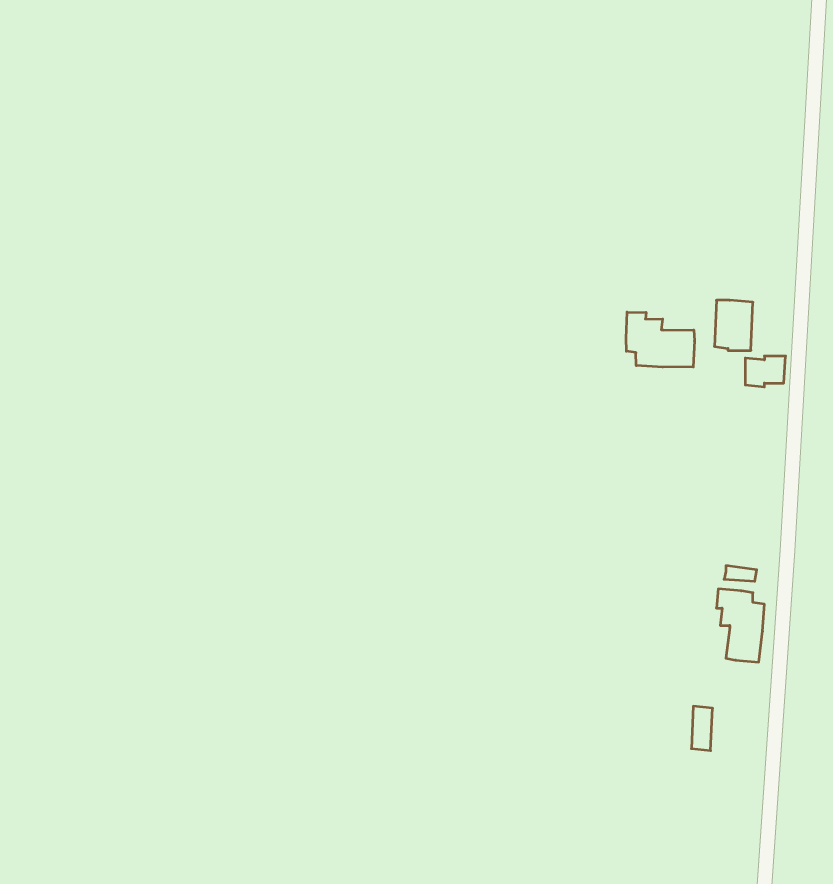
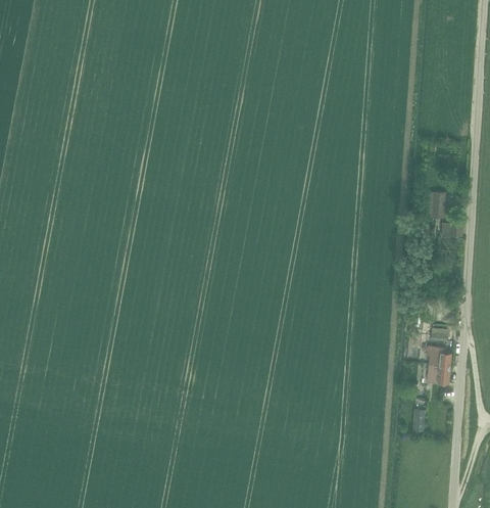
building: [626,312,694,367] -> none

